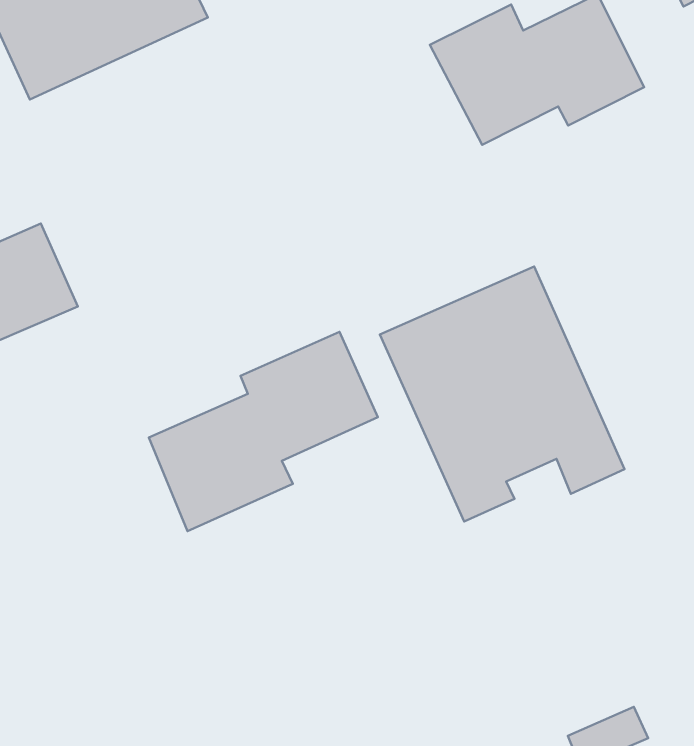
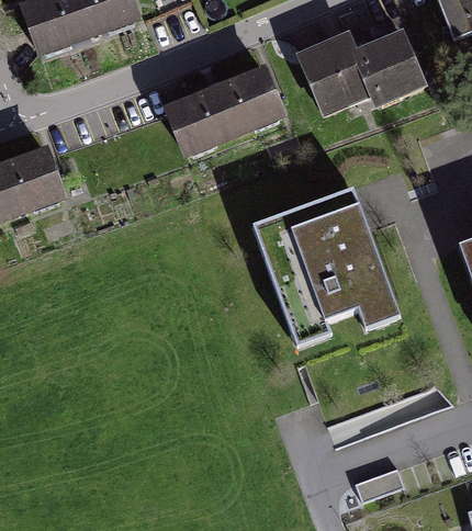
building: none -> [164,63,289,161]
building: [149,332,378,531] -> none

